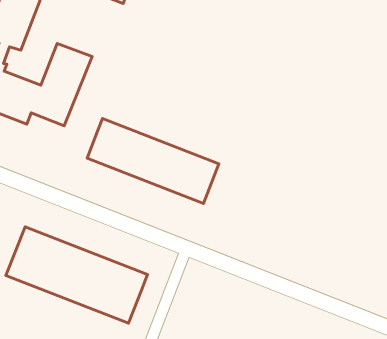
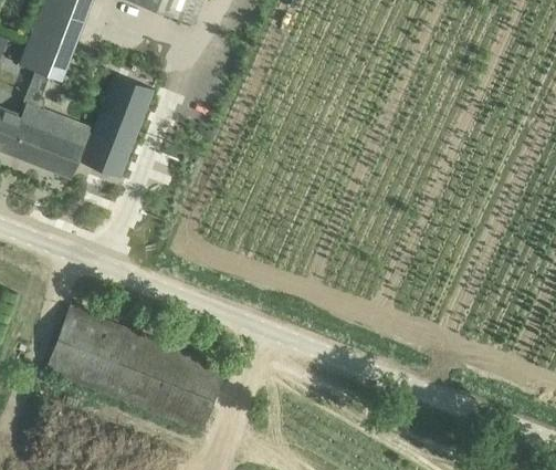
building: [87,119,219,204] -> none

